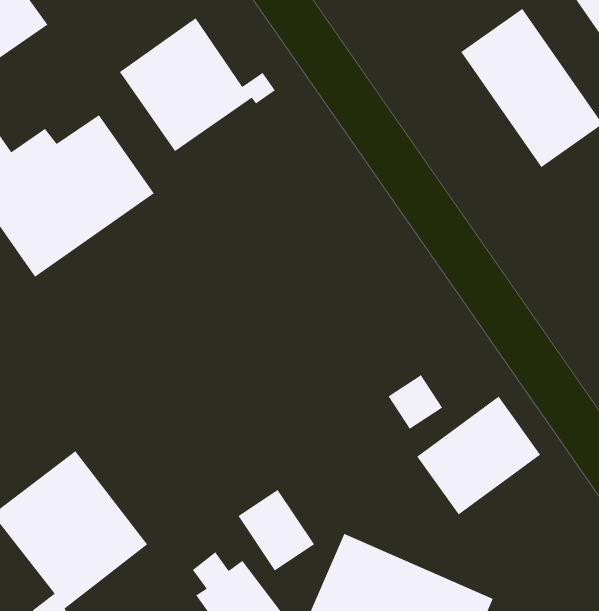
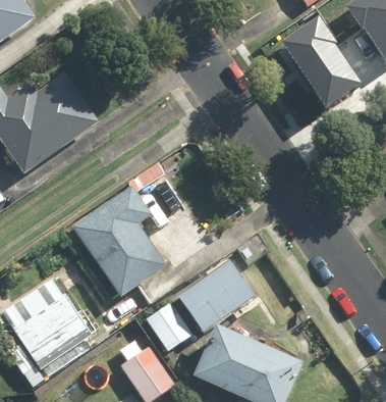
building: [119,17,276,152] -> none
building: none -> [71,162,166,297]
building: [416,396,541,515] -> [177,260,253,333]

